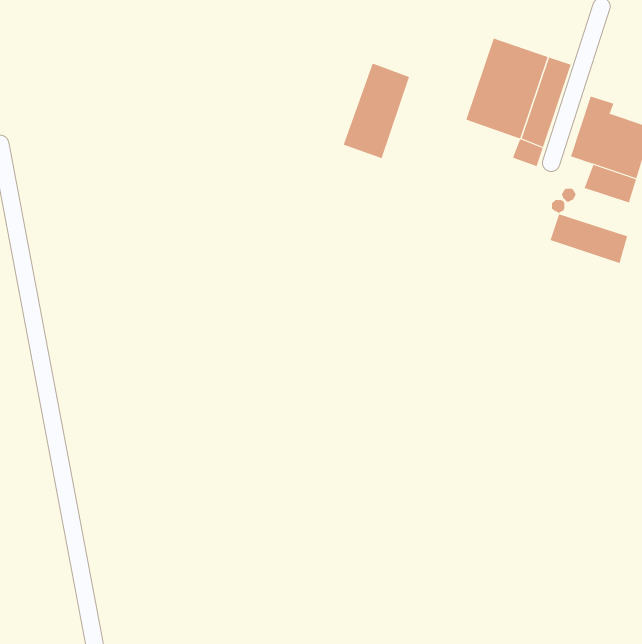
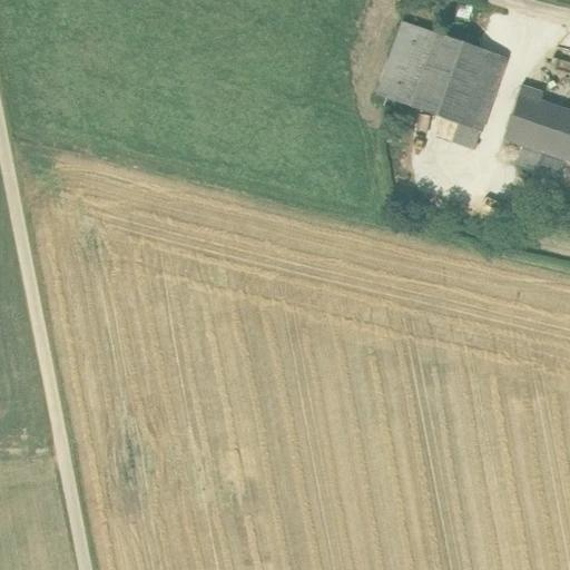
building: [343,63,410,159] -> [379,21,438,106]
building: [550,213,628,264] -> none

